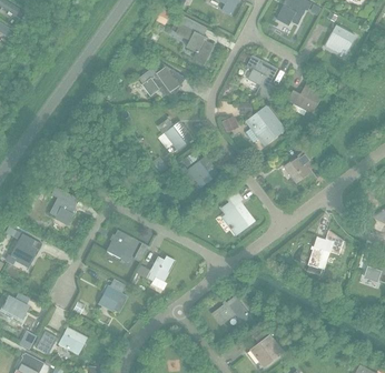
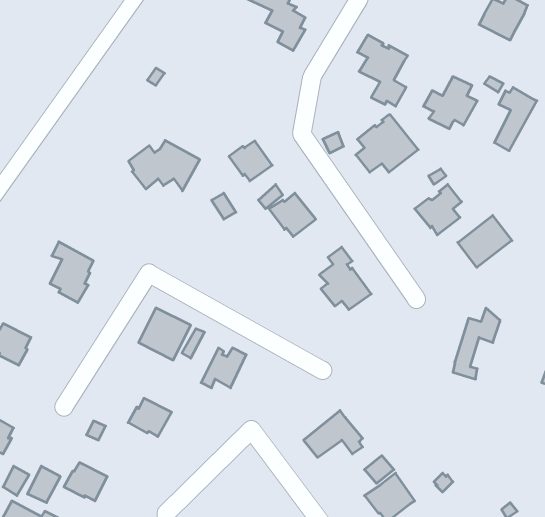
building: [140,64,186,97] -> [129,140,200,191]
building: none -> [494,87,537,151]
building: none -> [458,215,512,267]

